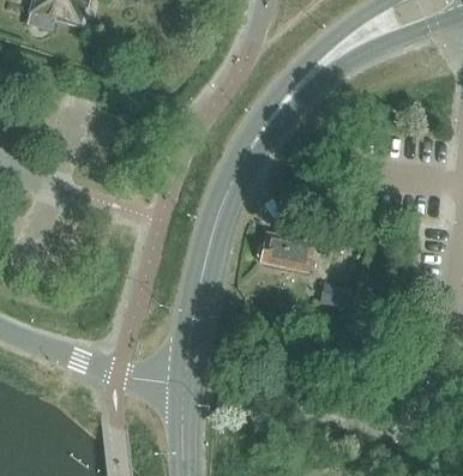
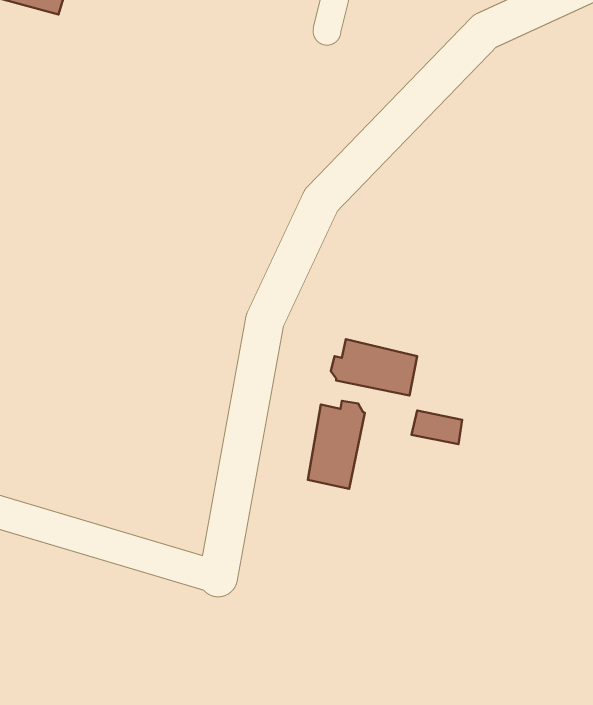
building: none -> [308,401,365,489]

